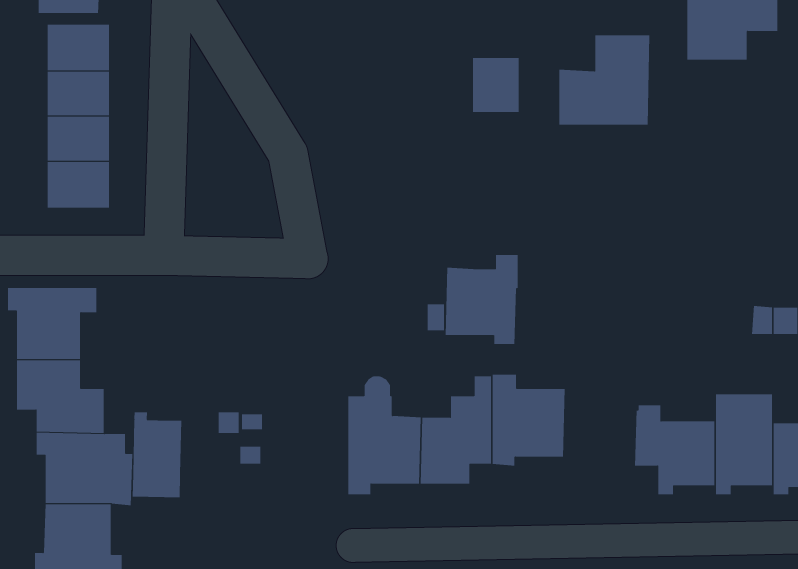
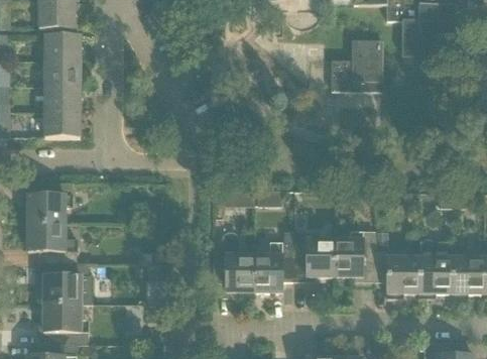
building: [472,57,519,113] -> none
building: [445,254,519,345] -> [334,232,375,282]
building: [132,412,182,498] -> none

